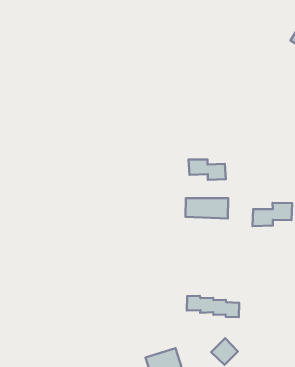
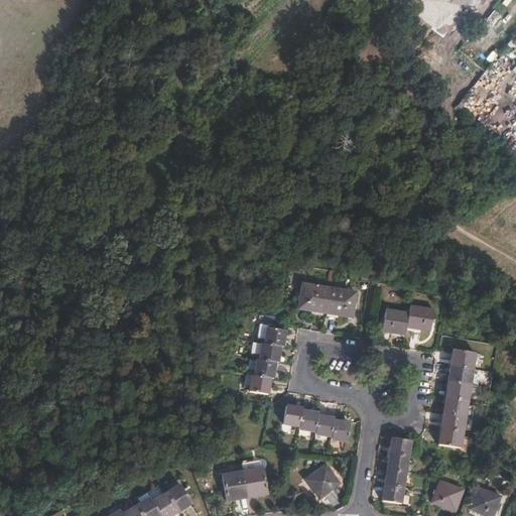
building: [189,159,226,180] -> none
building: none -> [250,326,286,392]
building: none -> [383,436,410,502]

